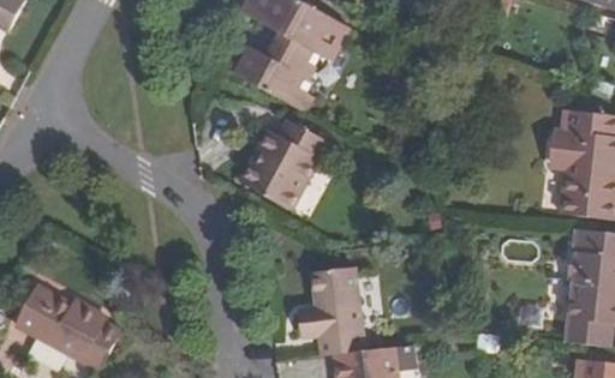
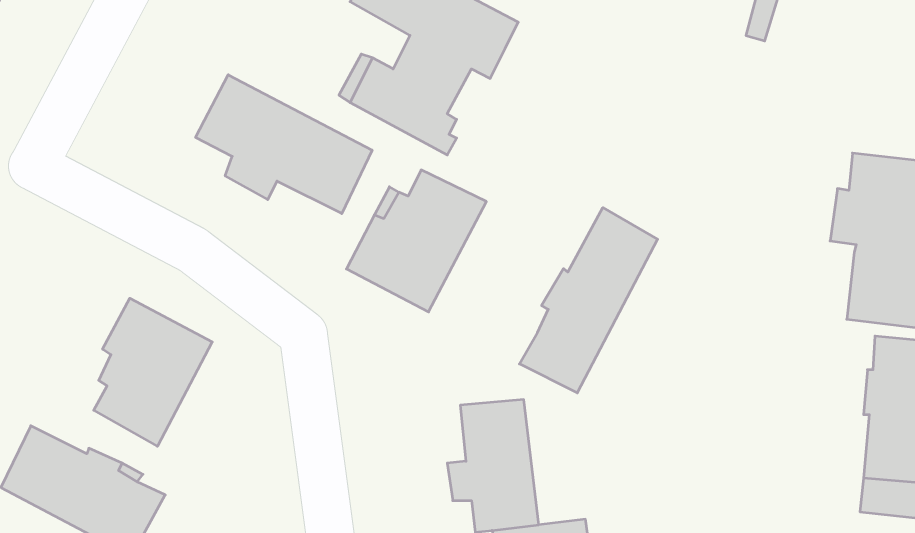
building: none -> [196,75,372,214]
building: none -> [519,208,658,393]
building: none -> [94,298,212,446]

